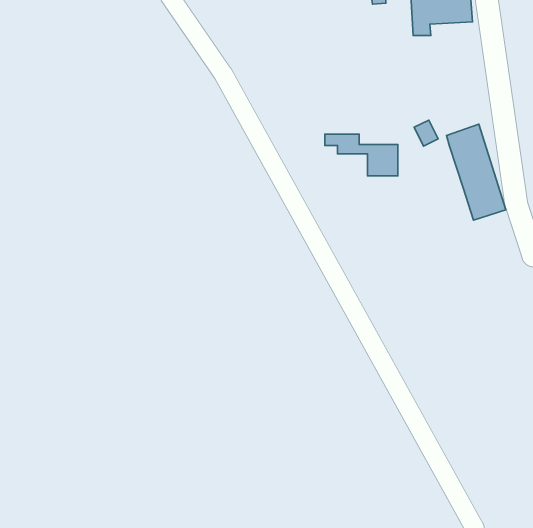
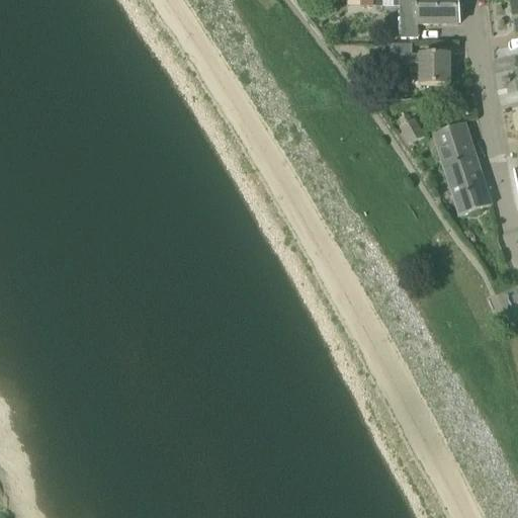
building: [325,134,398,176] -> [378,41,449,82]

